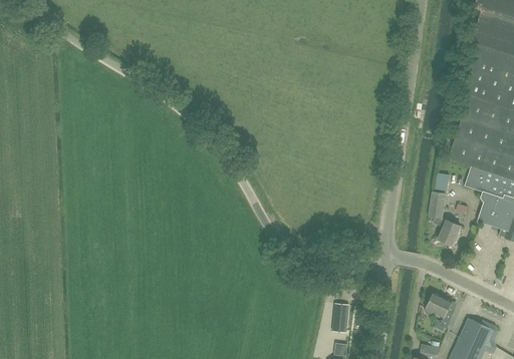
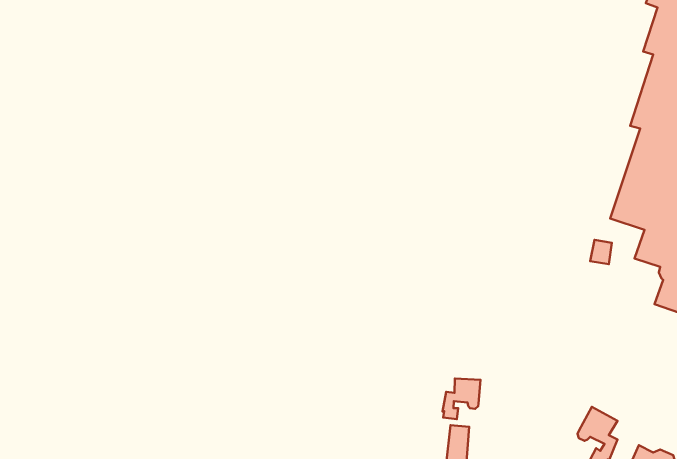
building: [429,192,461,246] -> none
building: none -> [443,378,480,419]

